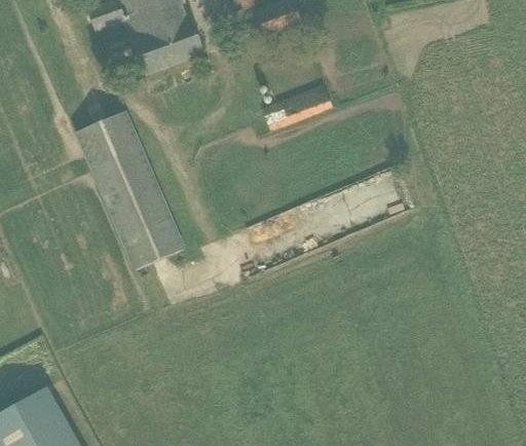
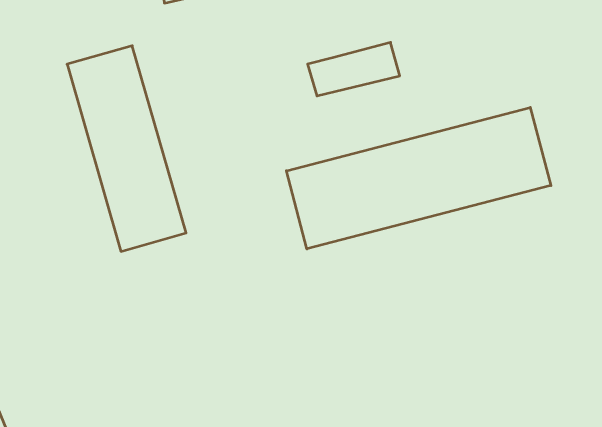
building: none -> [286,107,551,249]

